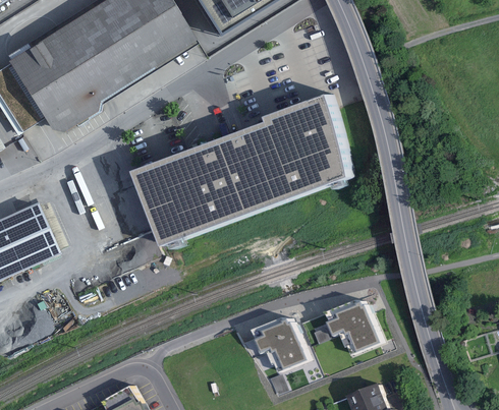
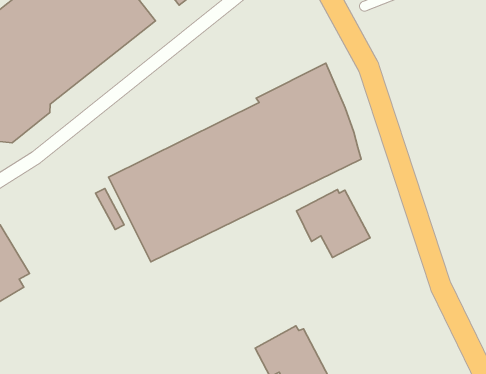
building: [322,298,382,355] -> [296,190,370,257]

